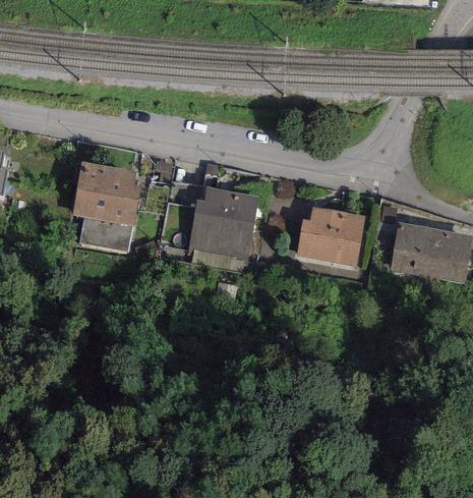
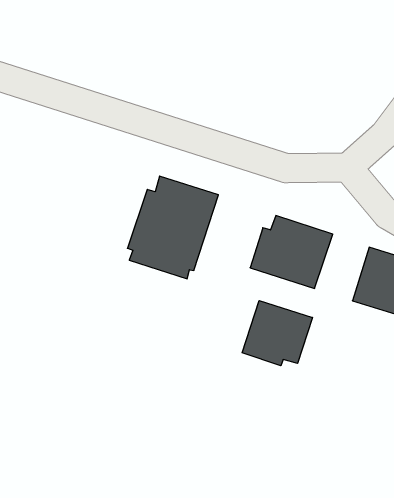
building: [71,161,140,252] -> none
building: none -> [242,301,312,366]

